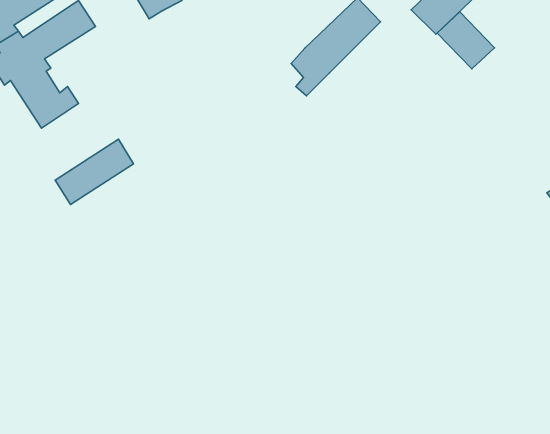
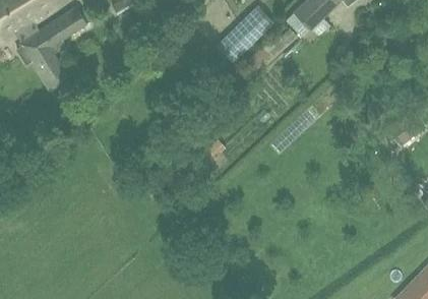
building: [437,12,494,69] -> none
building: [55,139,134,205] -> none

